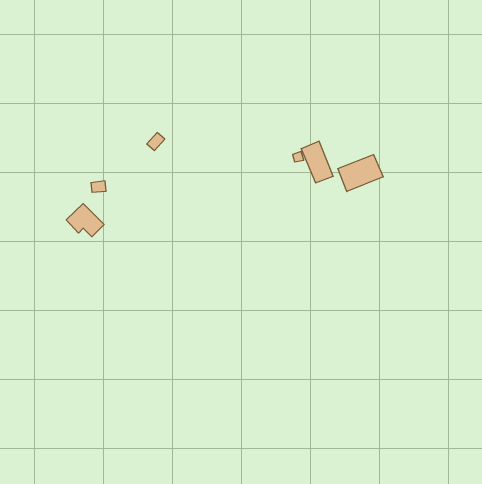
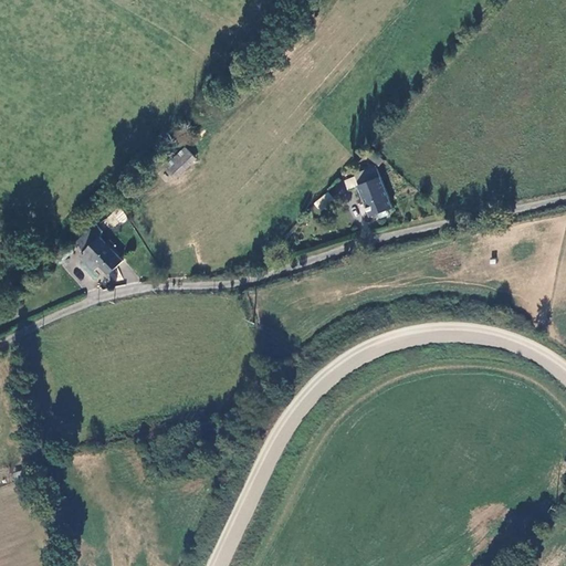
building: [338,155,383,192] -> none

